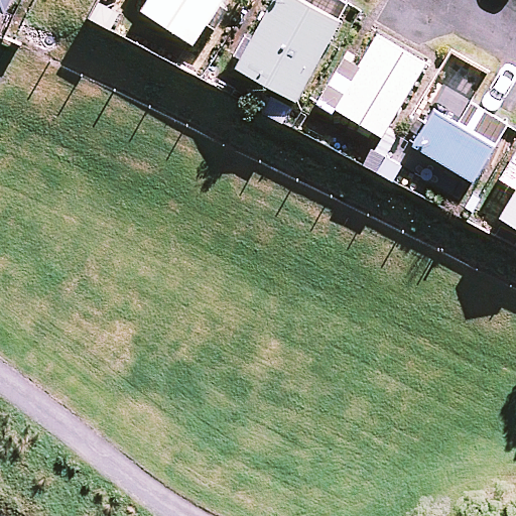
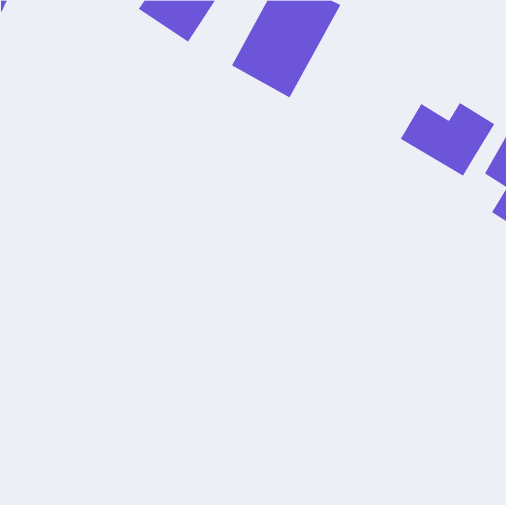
building: [315,36,425,138] -> none

